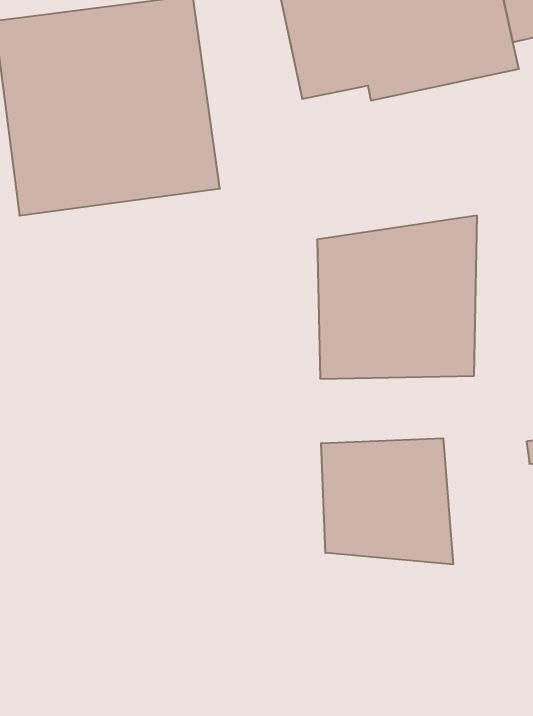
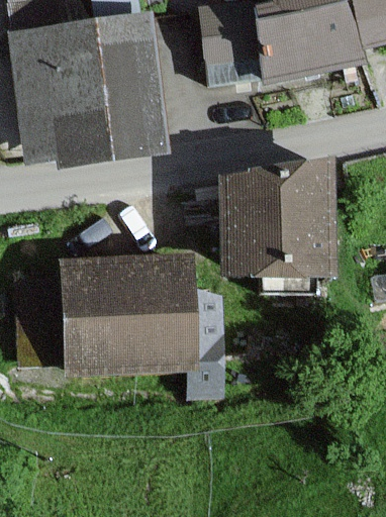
building: none -> [65,261,196,369]
building: [321,438,453,564] -> none

